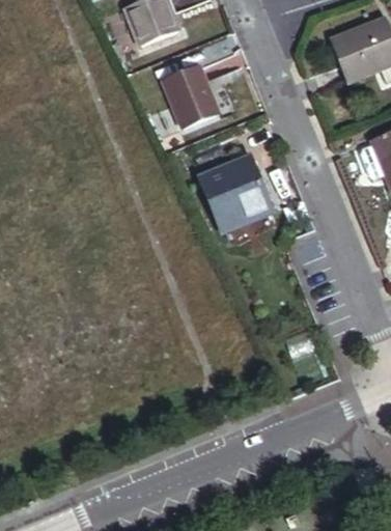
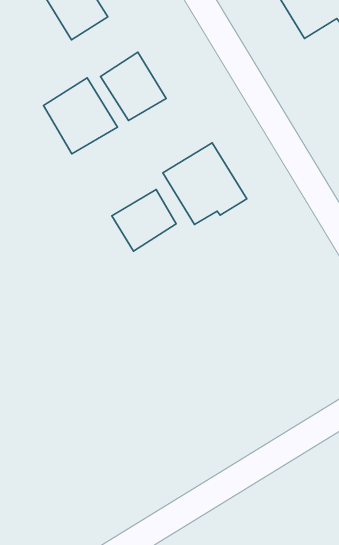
building: none -> [43,78,117,154]
building: none -> [112,189,176,251]

